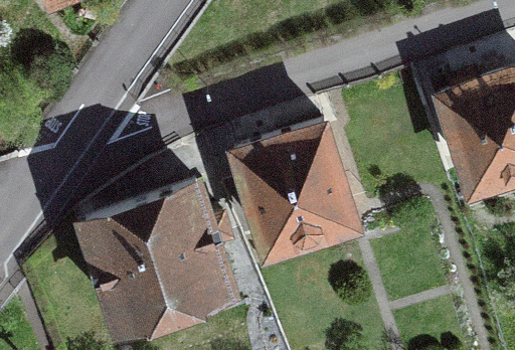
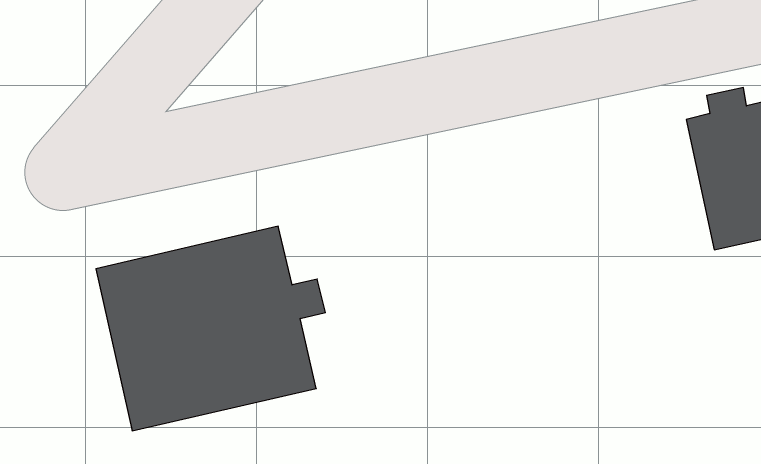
building: [203,120,351,234] -> none

